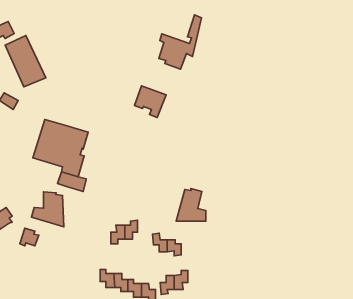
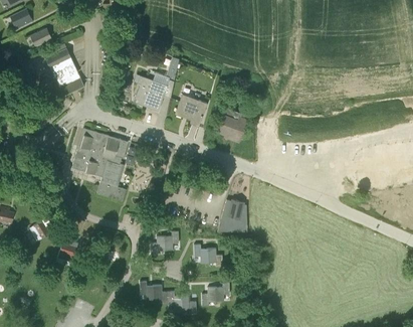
building: [159,15,201,69] -> [136,56,179,112]
building: none -> [216,114,247,142]
building: [31,192,64,227] -> none

